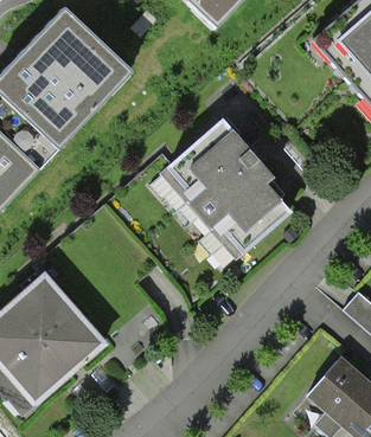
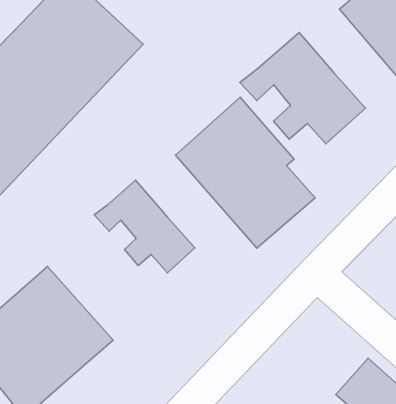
building: none -> [240,32,366,144]
building: none -> [94,180,195,273]

